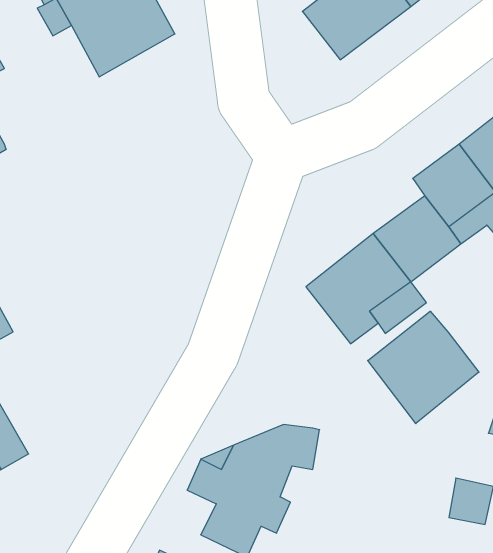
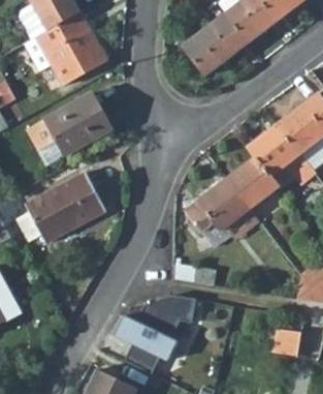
building: none -> [26,91,110,155]
building: none -> [10,166,110,240]
building: [368,311,479,424] -> none

